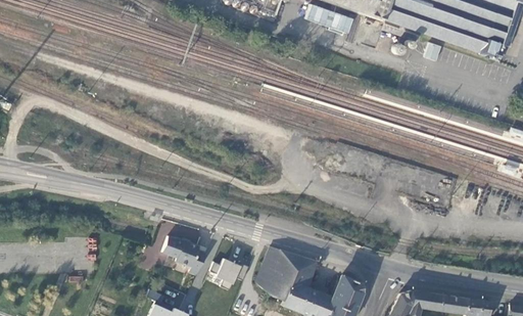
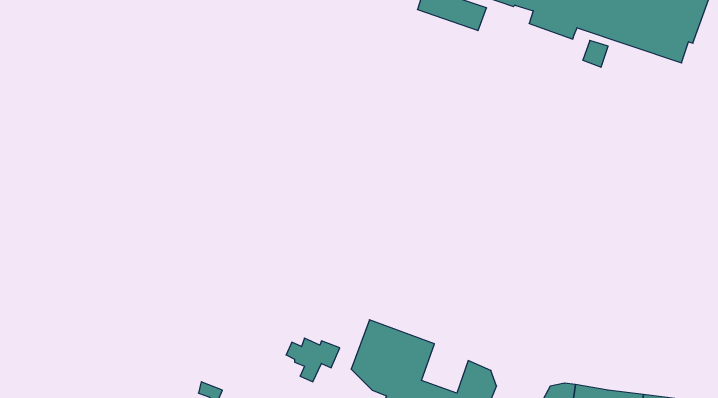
building: [162,234,207,273] -> none

